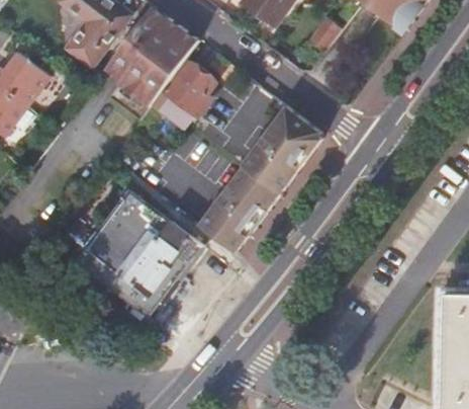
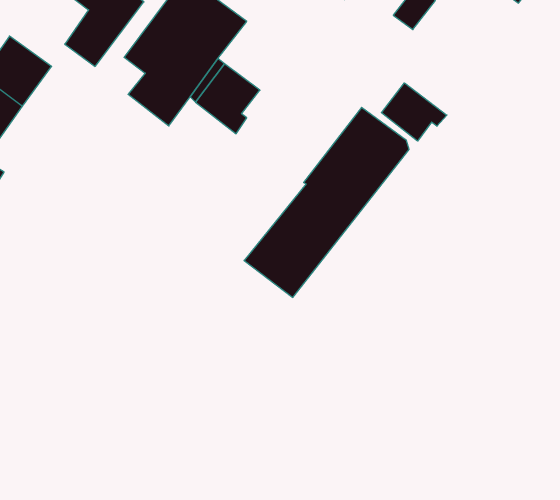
building: none -> [381,83,447,141]
building: [73,190,199,315] -> none

